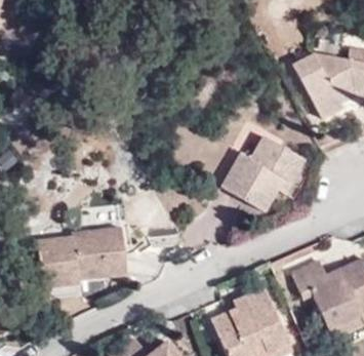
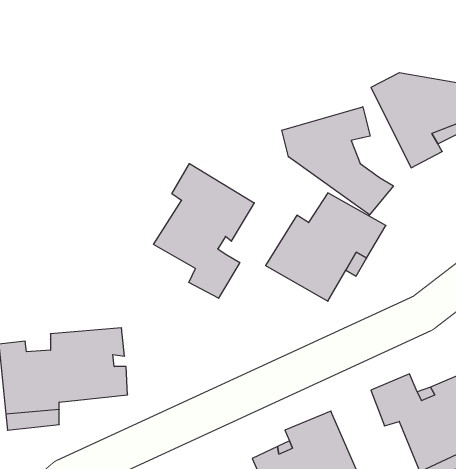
building: none -> [282,107,393,215]
building: none -> [154,164,254,298]

